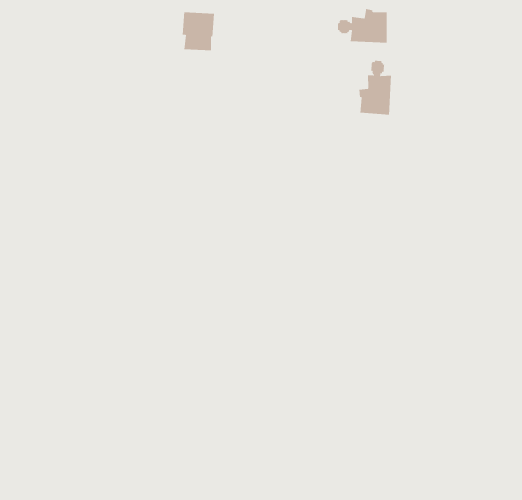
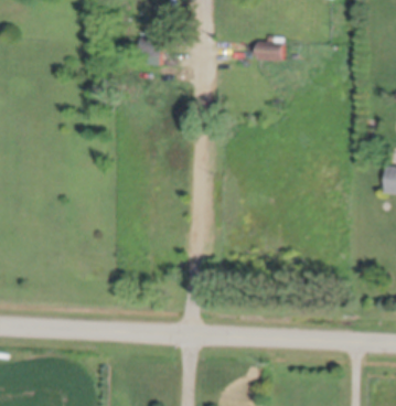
building: [359,60,391,116] -> none

